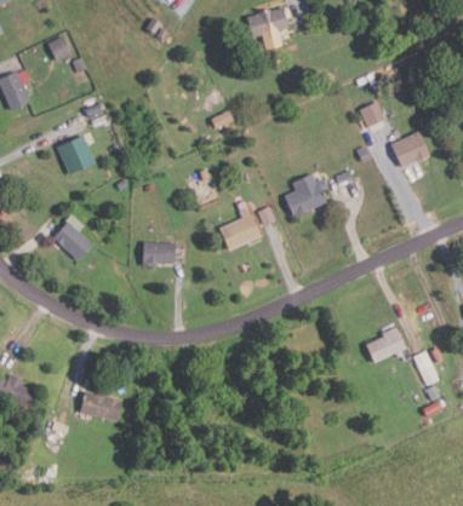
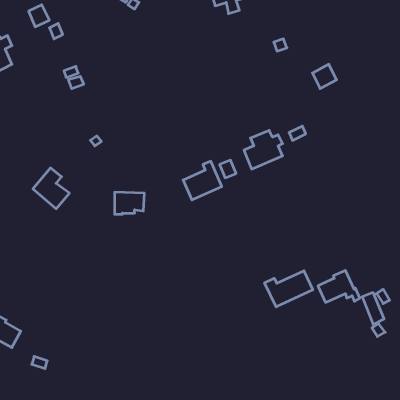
building: [390,131,429,168] -> none
building: [56,134,95,174] -> none
building: none -> [265,271,313,307]
building: [79,390,121,420] -> none

